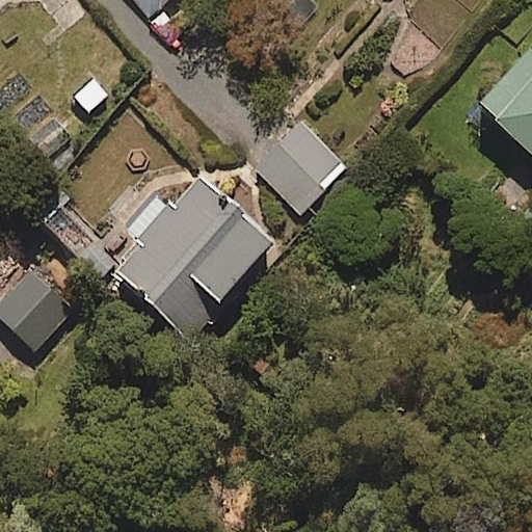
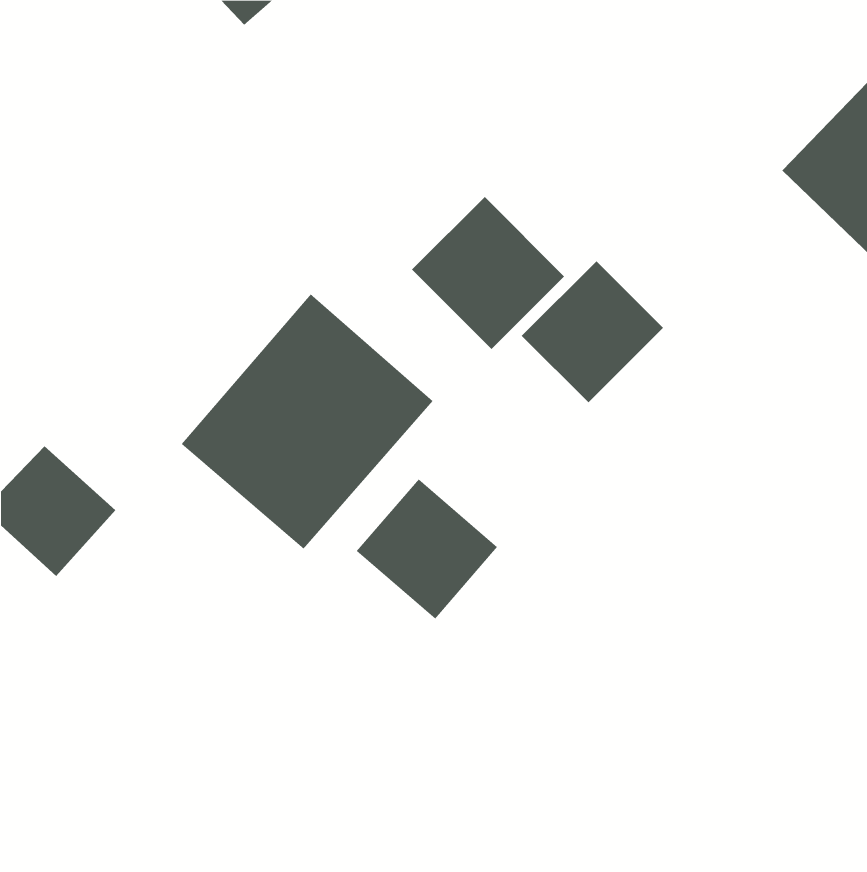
building: none -> [521,260,664,403]
building: none -> [356,479,498,620]

